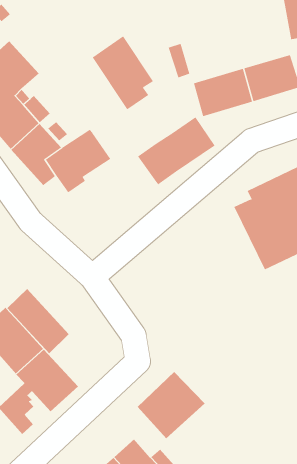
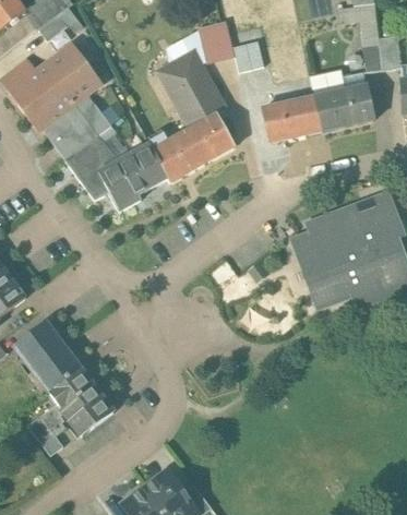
building: none -> [197,21,235,61]
building: [137,117,215,185] -> [153,112,235,180]
building: [7,288,70,354] -> none
building: [137,371,205,439] -> none

